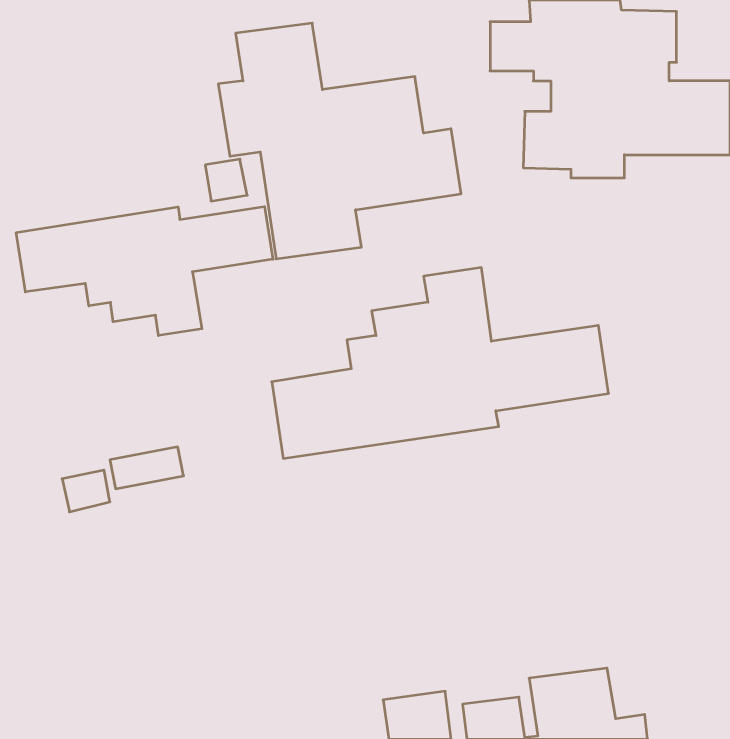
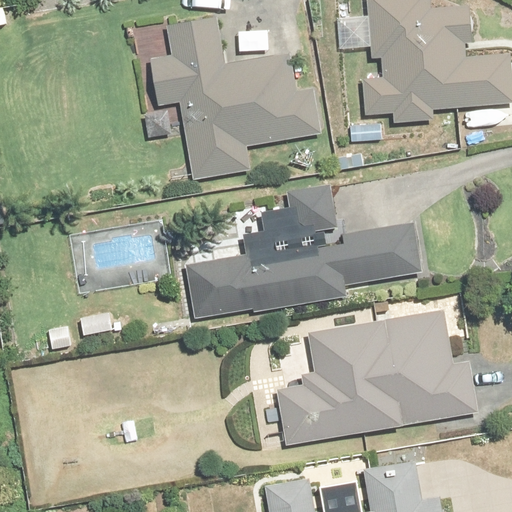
building: [16,207,273,336] -> none
building: none -> [276,303,486,449]

